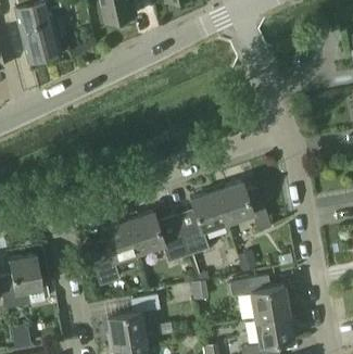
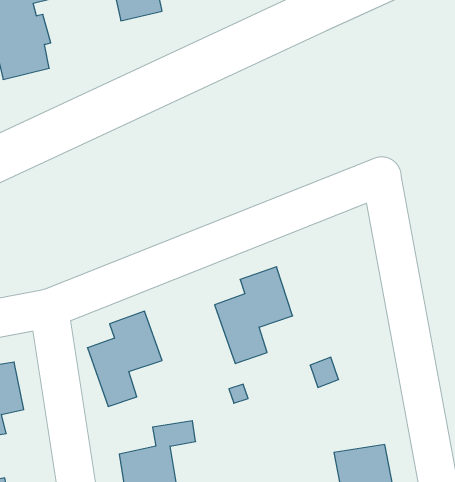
building: [214,181,269,232] -> none
building: [124,212,186,263] -> none
building: [228,276,288,317] -> none

